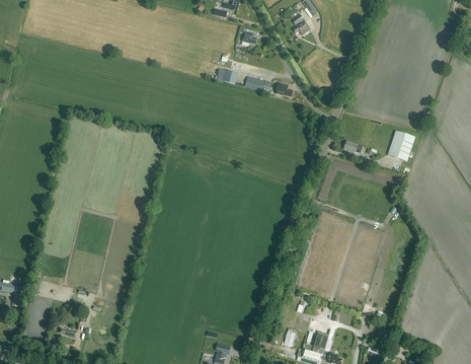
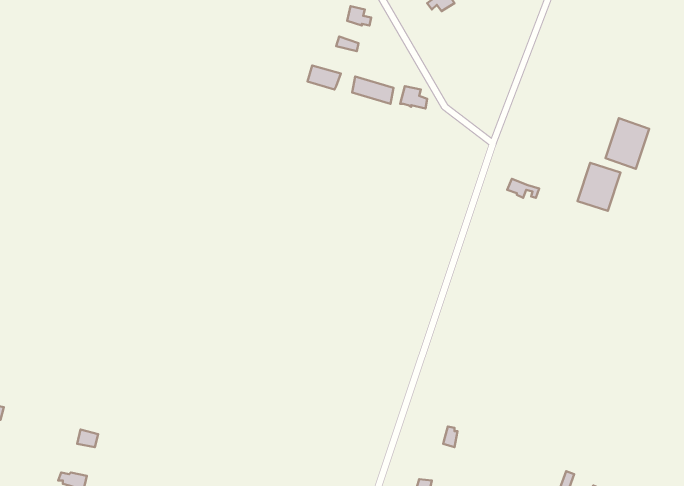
building: none -> [606,118,649,169]

